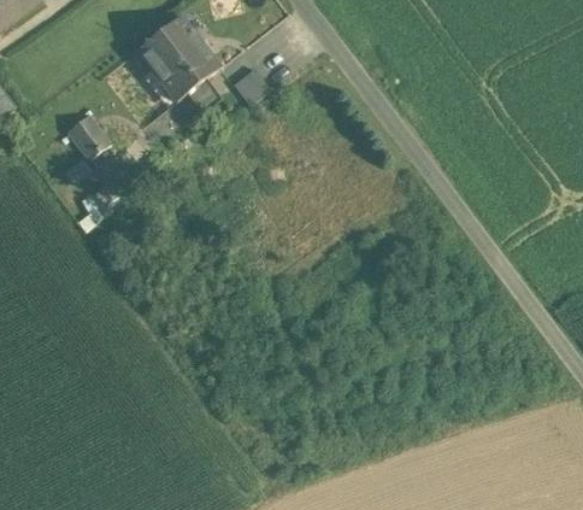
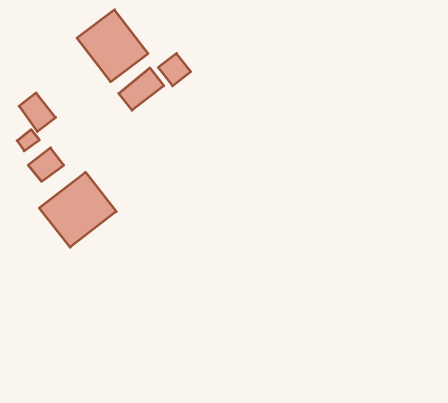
building: none -> [119,68,164,110]
building: none -> [39,172,116,247]

